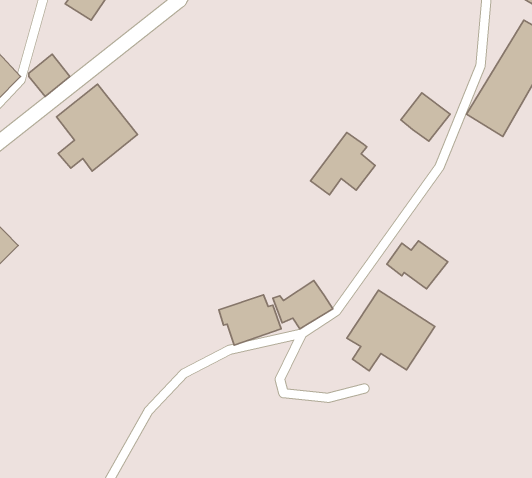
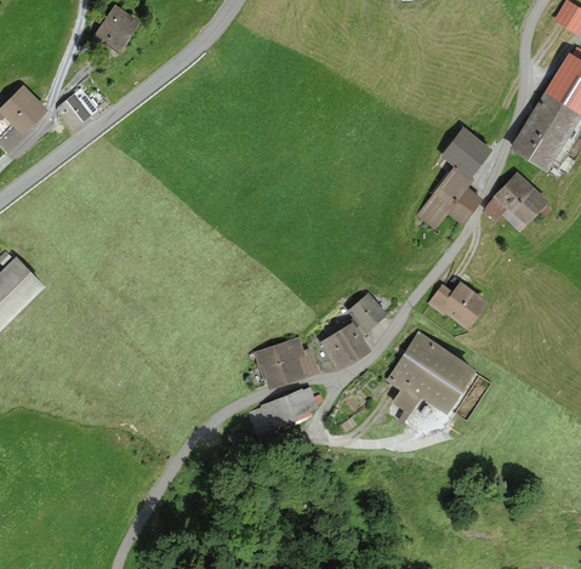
building: [56,84,137,171] -> none
building: [311,133,375,195] -> [416,165,483,229]
building: none -> [483,171,552,232]
building: none -> [347,292,387,337]
building: none -> [249,387,319,434]

